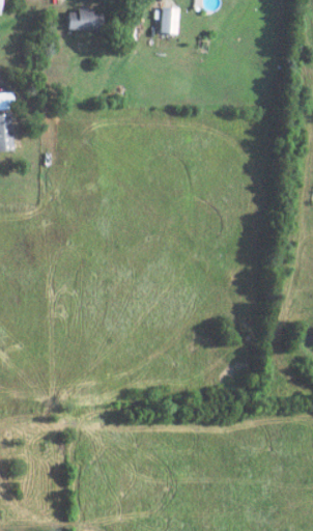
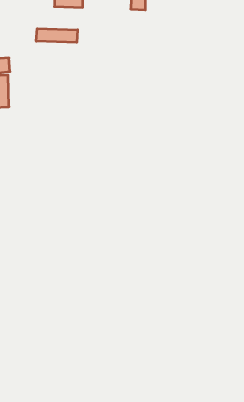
building: none -> [36,29,78,42]

